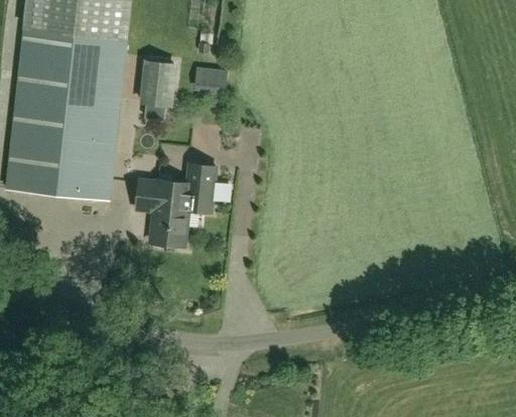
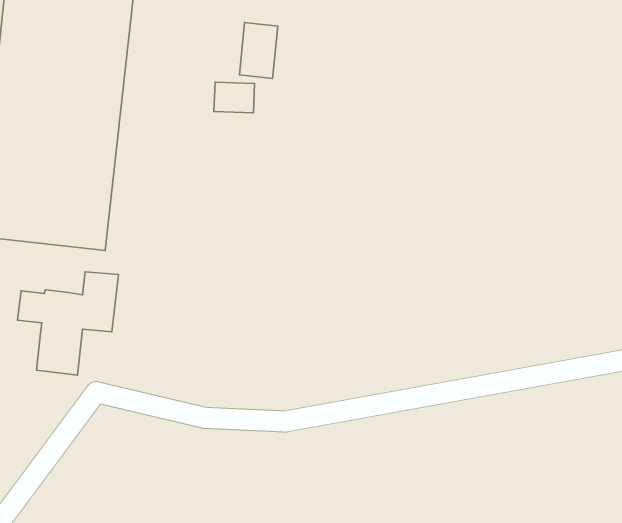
building: [142,61,172,106] -> [239,22,278,79]
building: [136,165,216,247] -> [17,272,118,375]

